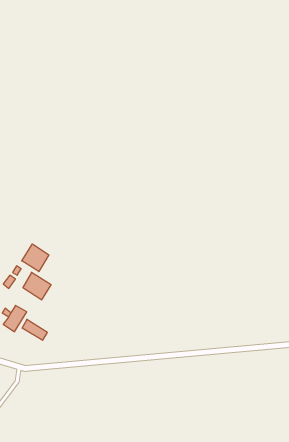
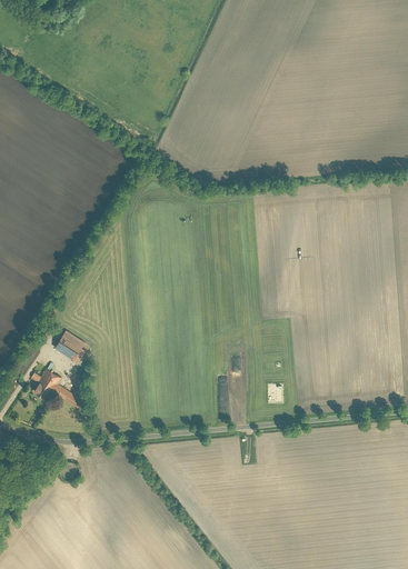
building: [22,244,49,272] -> none

